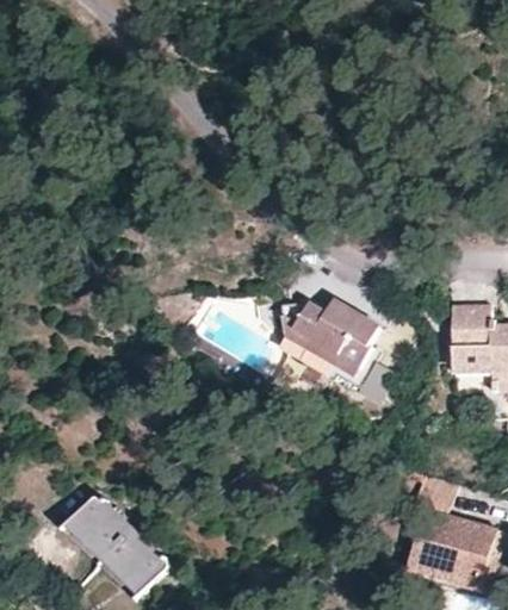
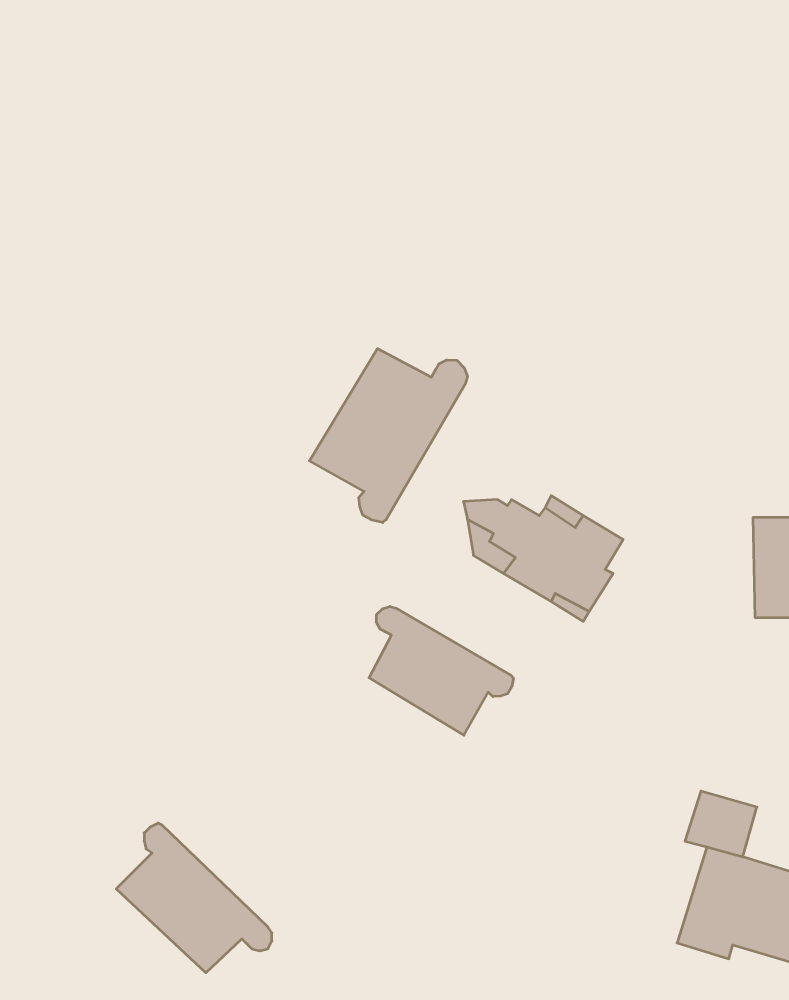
building: none -> [309,349,467,523]
building: none -> [369,606,513,735]

